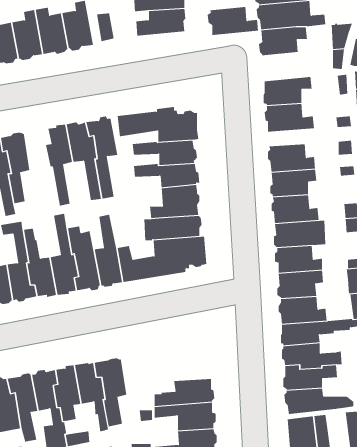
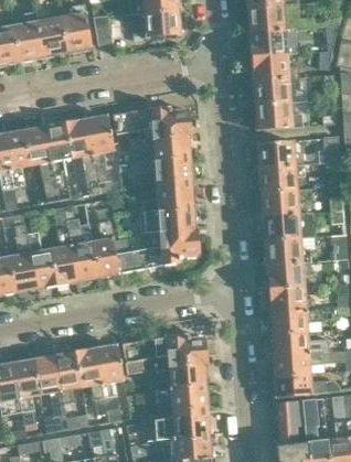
building: [207,7,259,36] -> [249,53,299,80]
building: none -> [25,126,59,202]
building: none -> [121,333,208,374]

